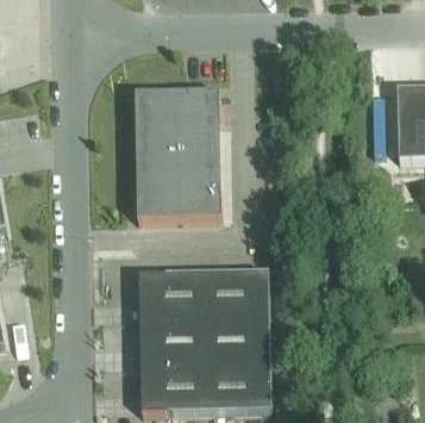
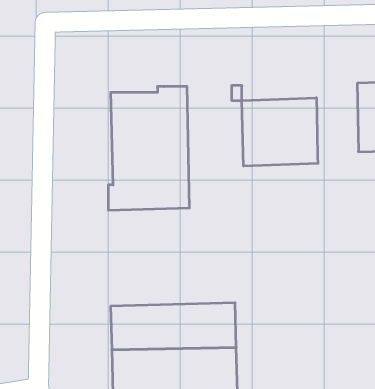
building: none -> [242,98,318,166]
building: [138,275,269,324] -> none

